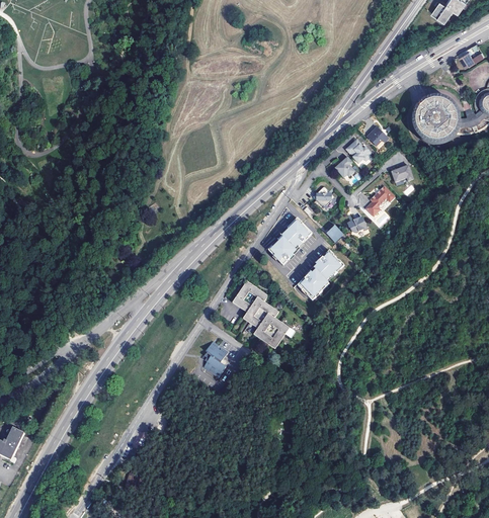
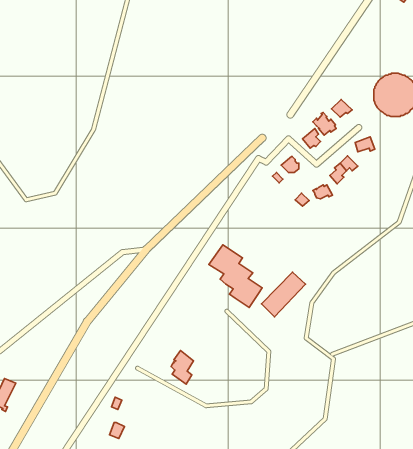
building: [265,218,312,264] -> none
building: [296,249,343,297] -> [262,272,306,317]
building: [202,340,227,376] -> [171,351,194,384]

